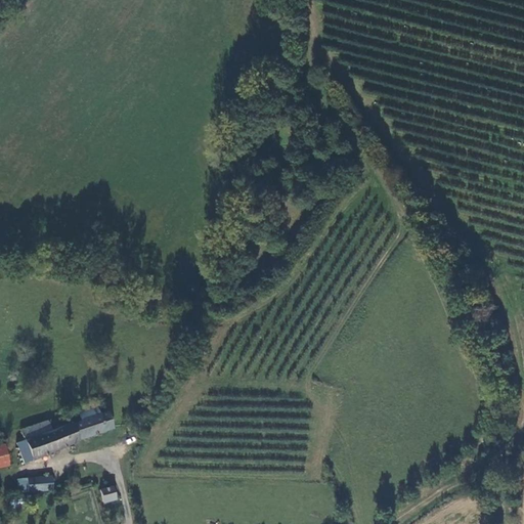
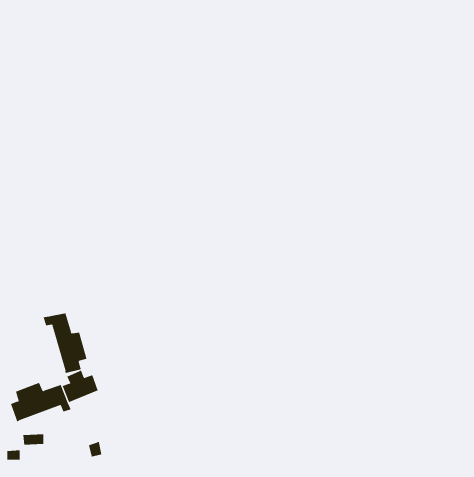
building: none -> [43,312,87,374]

